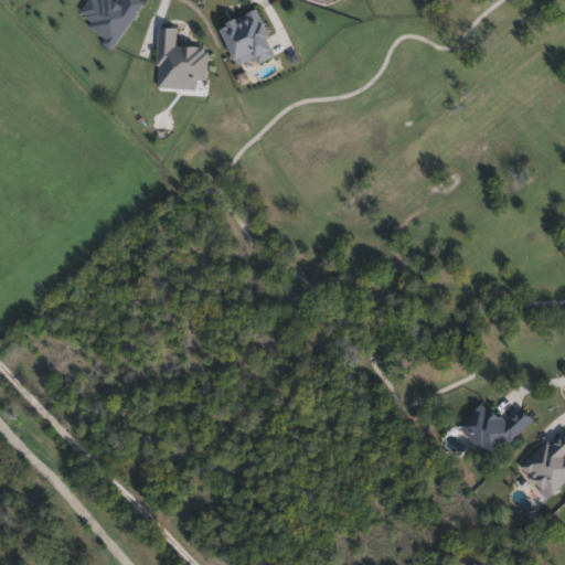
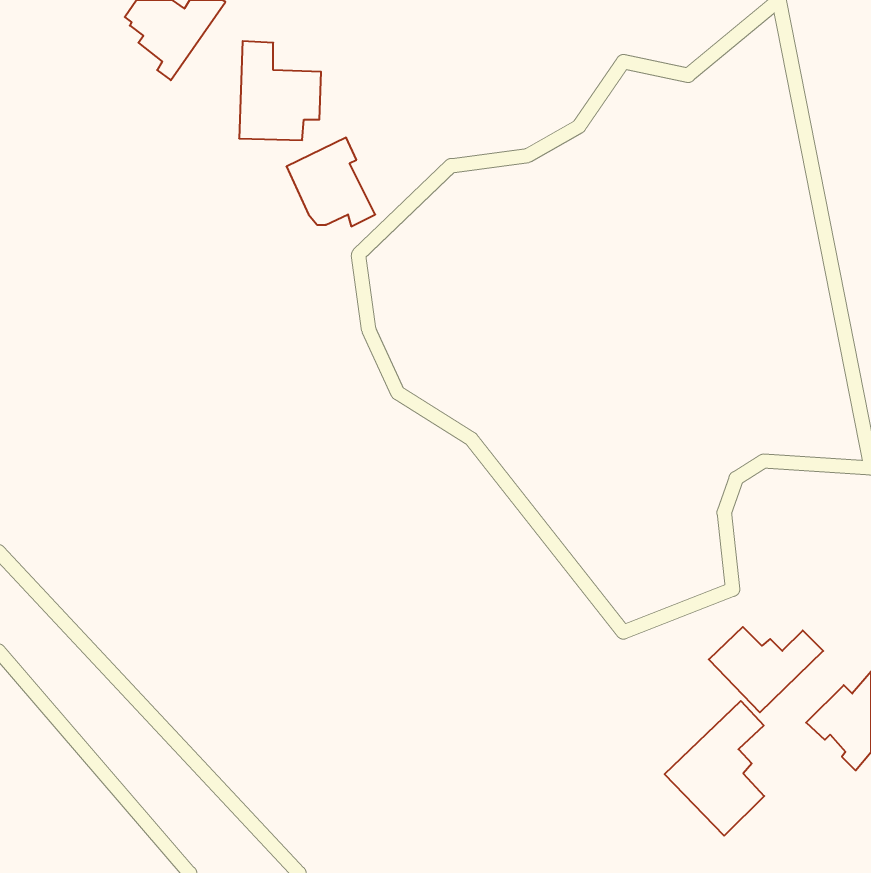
building: [217,8,275,65] -> [286,138,375,226]
building: none -> [665,701,764,836]

